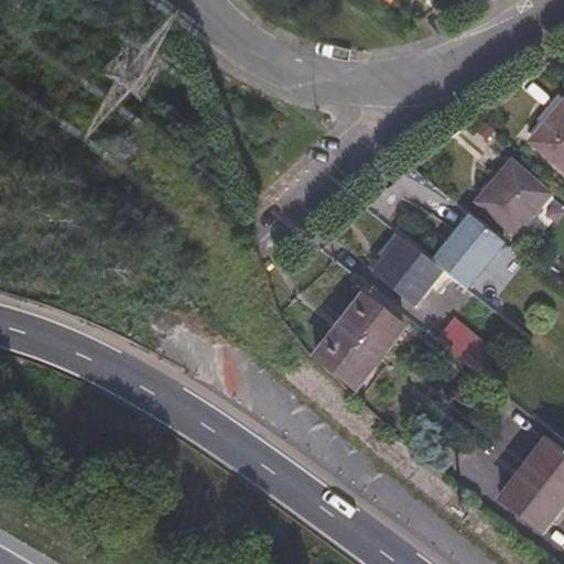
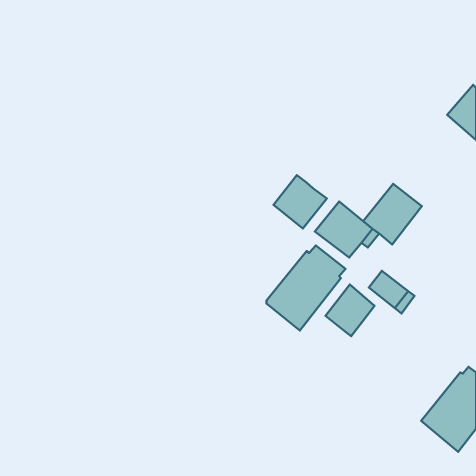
building: [474,156,545,229] -> none
building: none -> [274,175,327,229]
building: none -> [325,285,375,336]

